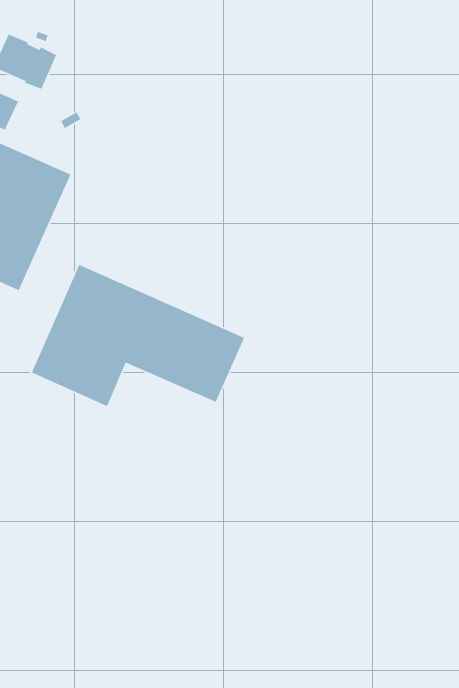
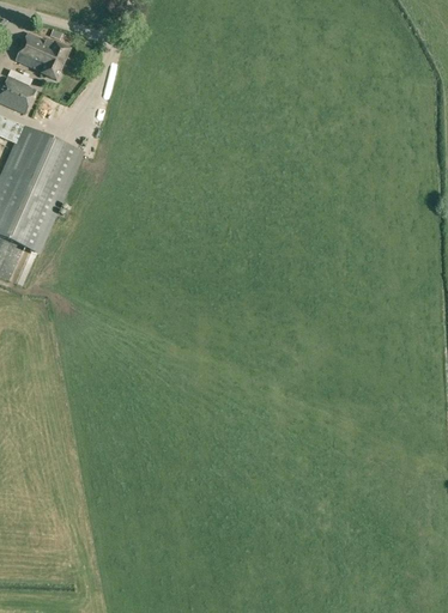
building: [31,264,245,407] -> none

